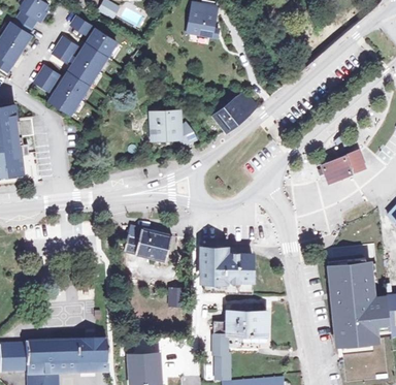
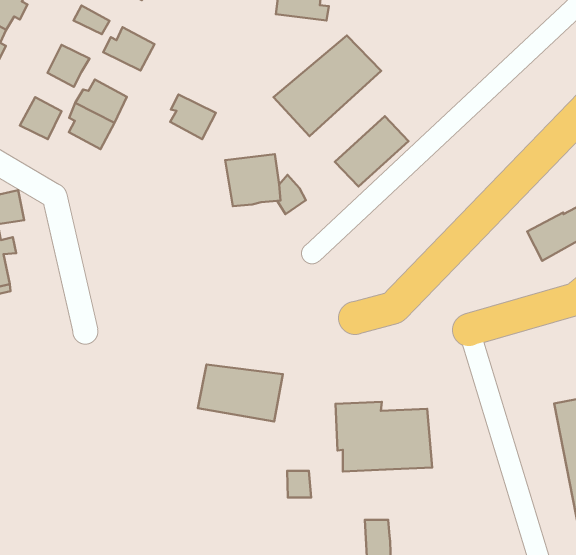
building: [80,41,107,68] -> [170,94,216,139]
building: none -> [274,35,381,136]
building: [51,86,80,111] -> none
building: [228,307,266,338] -> none

